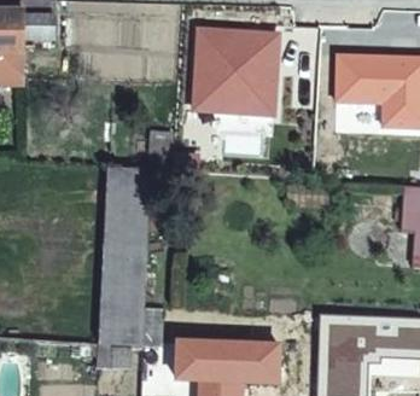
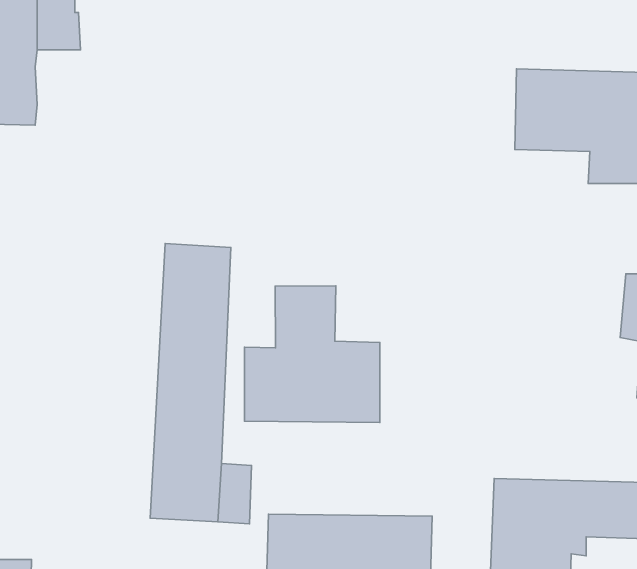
building: [193,28,280,112] -> none
building: none -> [244,286,380,423]

